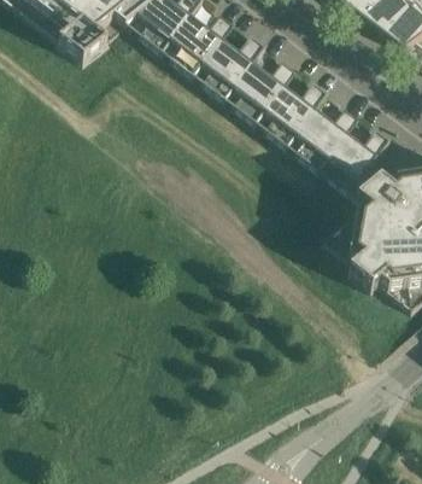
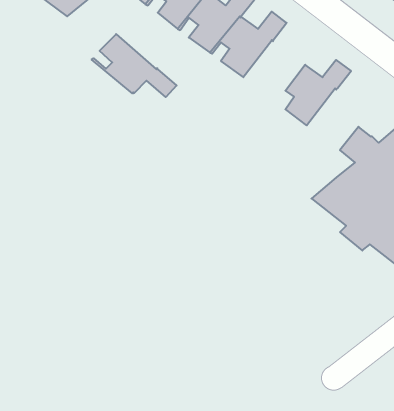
building: none -> [92,34,177,97]
building: [254,81,328,145] -> none
building: [316,127,393,192] -> none

